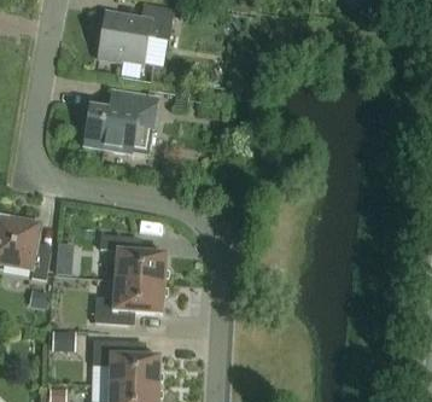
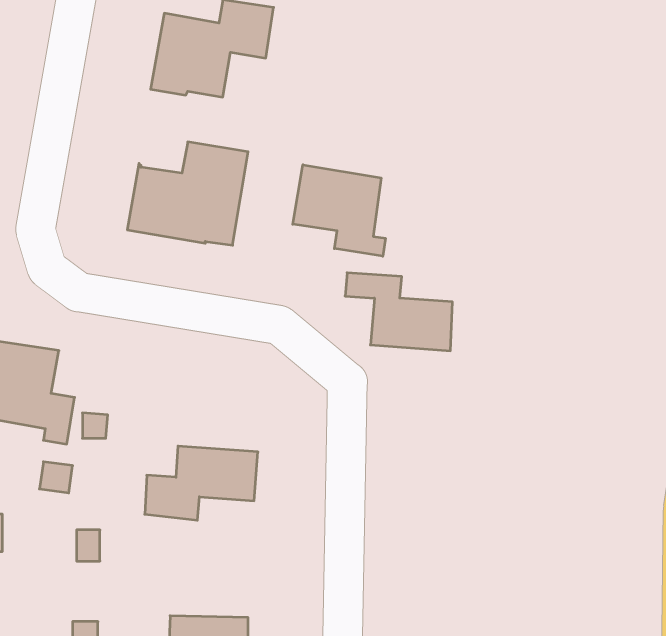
building: none -> [293,165,385,256]
building: [99,234,165,282] -> [345,273,452,351]
building: [93,339,159,385] -> none

